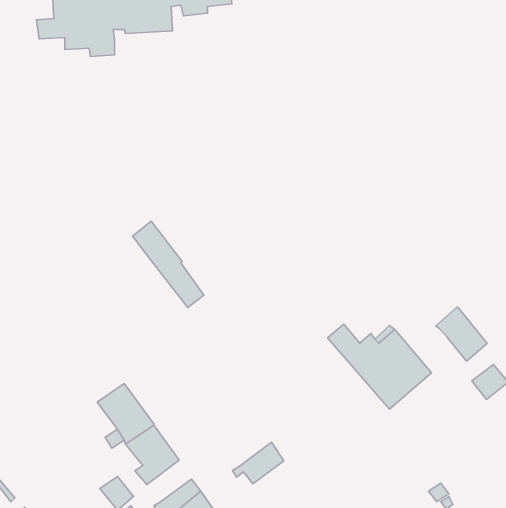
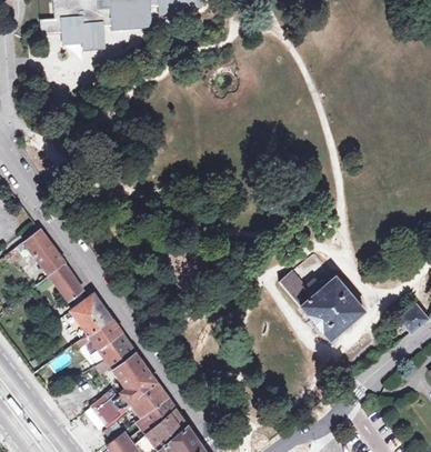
building: [132,221,204,307] -> [23,229,82,300]
building: [436,307,487,361] -> none
building: none -> [64,294,111,340]
building: [233,442,284,484] -> [124,383,167,418]

